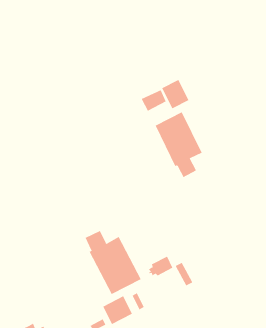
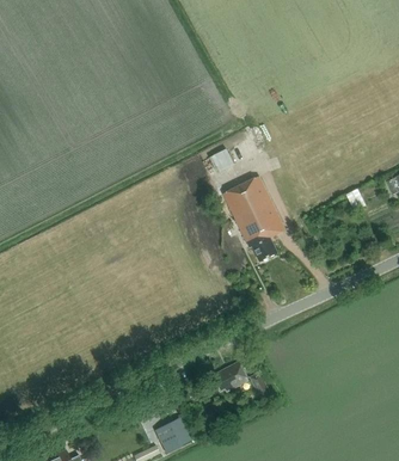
building: [161,79,189,109] -> none
building: [85,230,142,295] -> none

